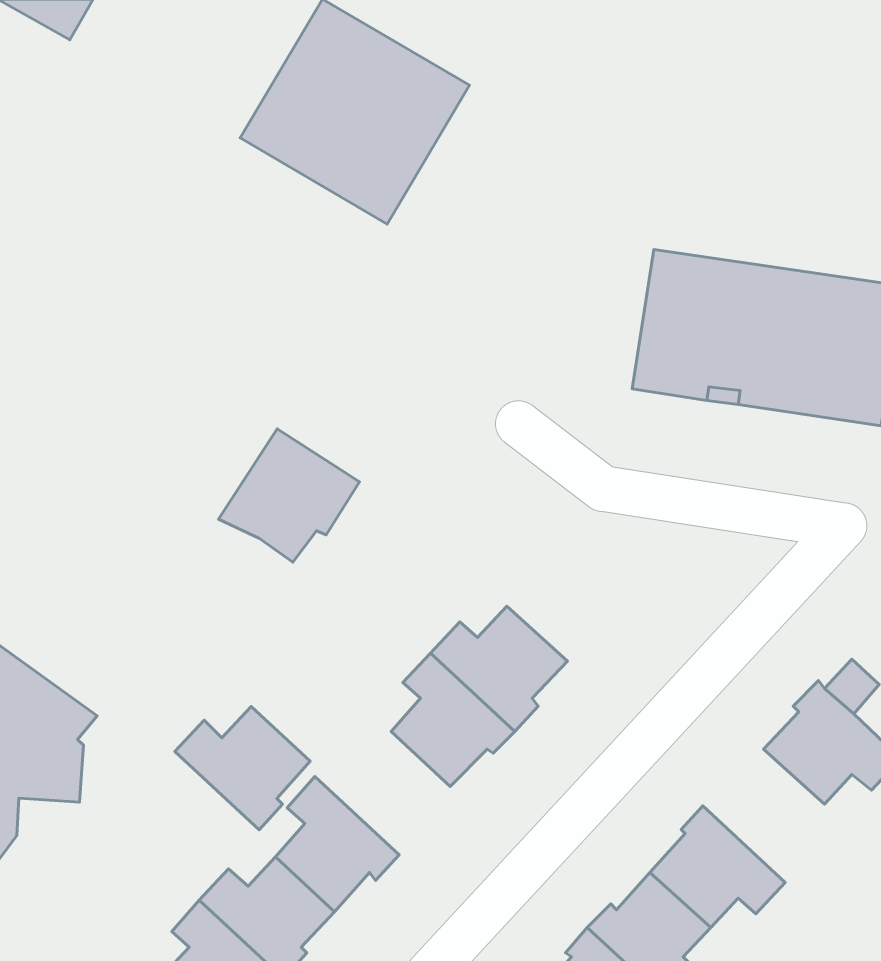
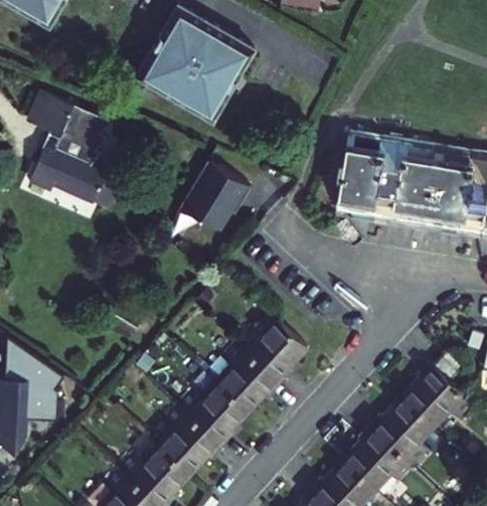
building: none -> [30,93,124,210]
building: [218,429,360,562] -> [184,165,257,233]
building: [175,706,310,830] -> [175,386,245,450]
building: none -> [374,395,437,464]

